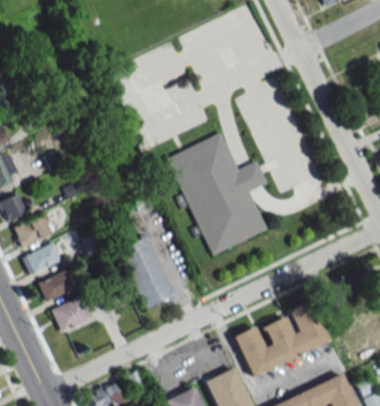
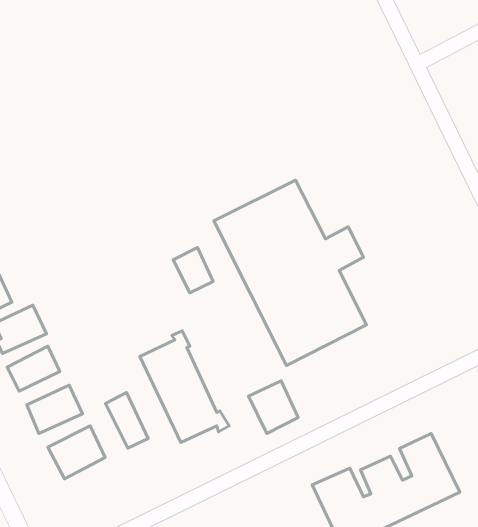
building: none -> [173,247,213,293]
building: none -> [248,381,298,434]
building: none -> [106,393,148,448]

